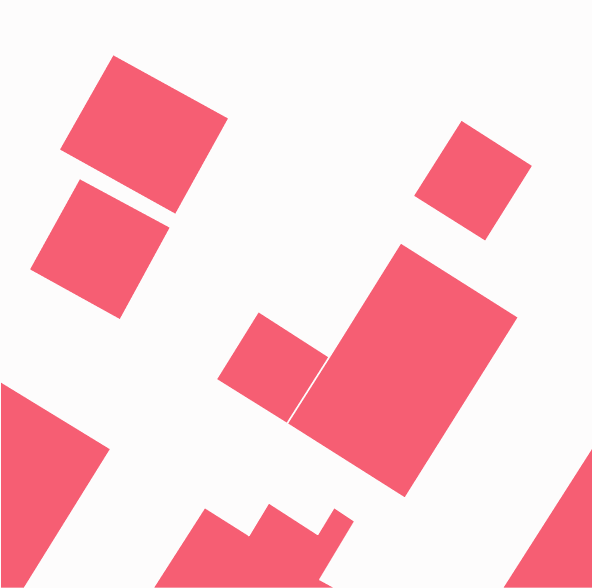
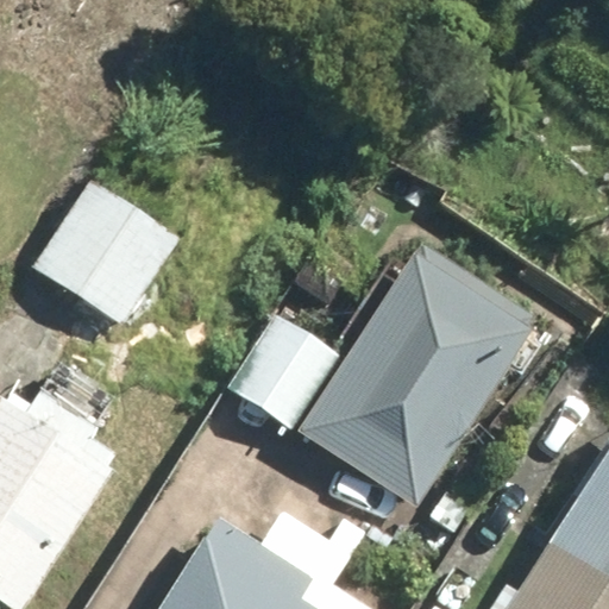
building: [59,55,229,215] -> none
building: [413,120,533,241] -> none

